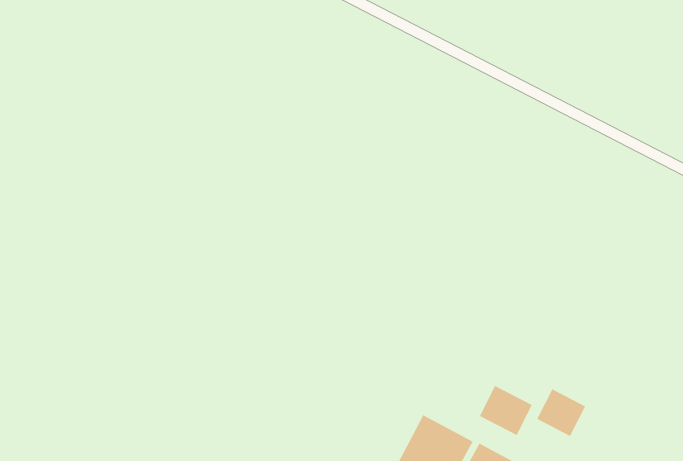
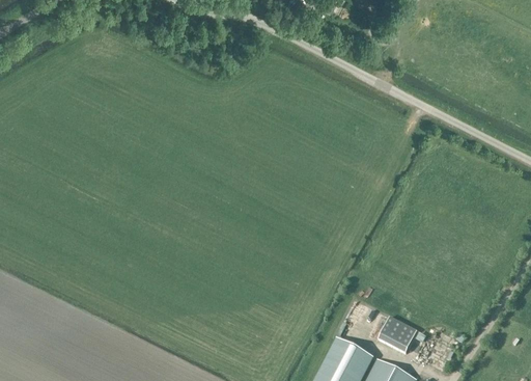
building: [536,388,586,437] -> none

